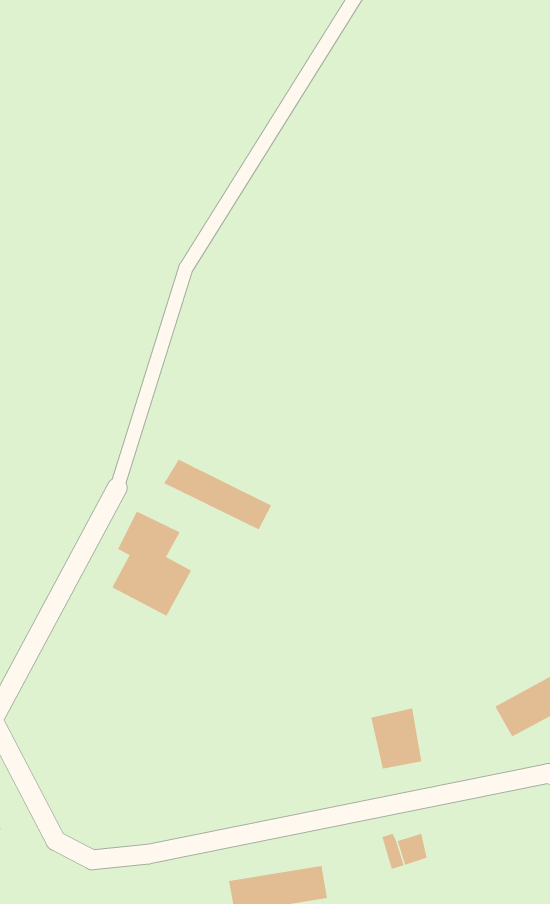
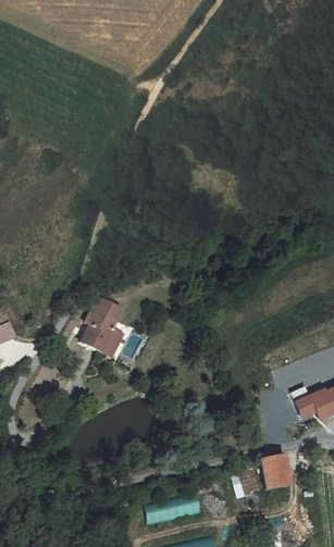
building: [164,459,272,530] -> none
building: [371,708,422,769] -> [259,455,288,489]

